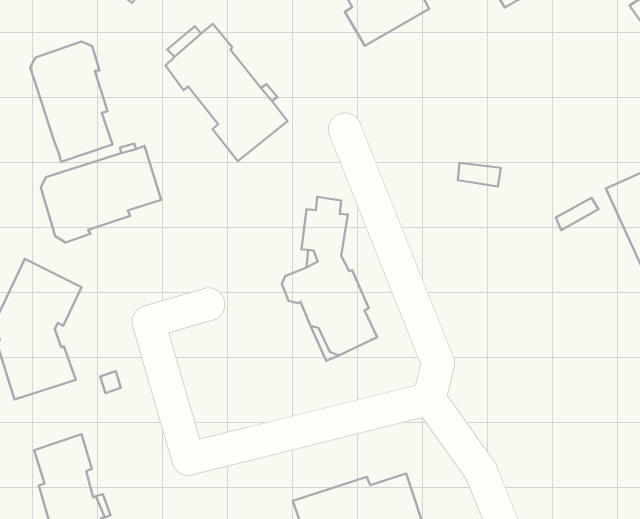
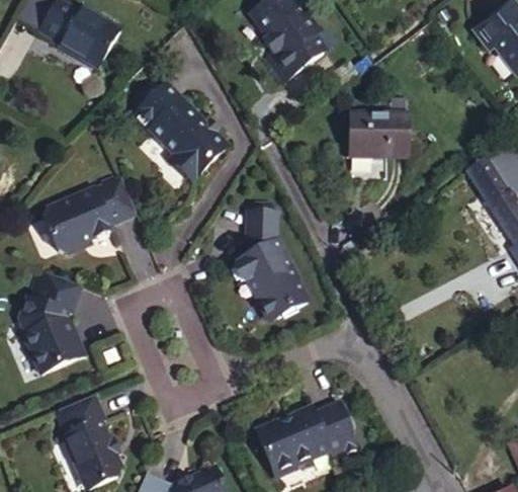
building: [30,42,113,162] -> none
building: none -> [351,114,407,160]

